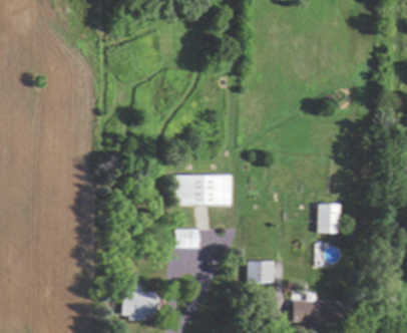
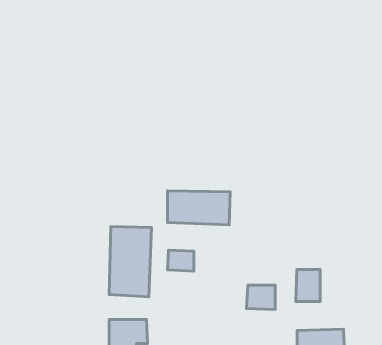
building: [318,204,340,233] -> [296,270,320,301]
building: none -> [109,226,152,297]

